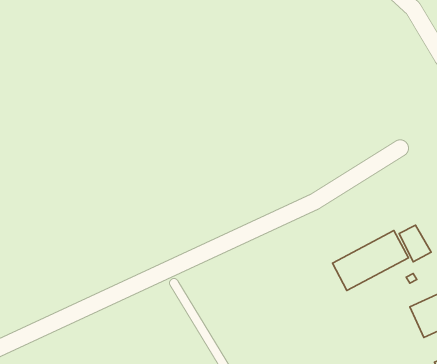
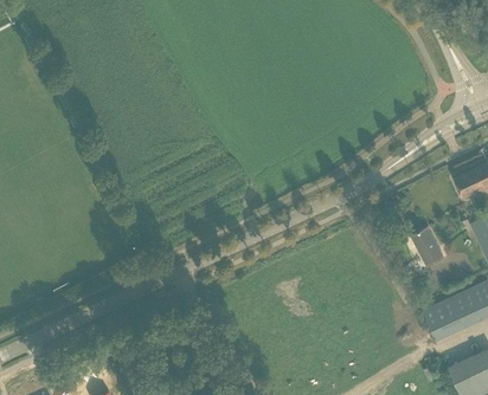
building: [333,230,408,291] -> none

